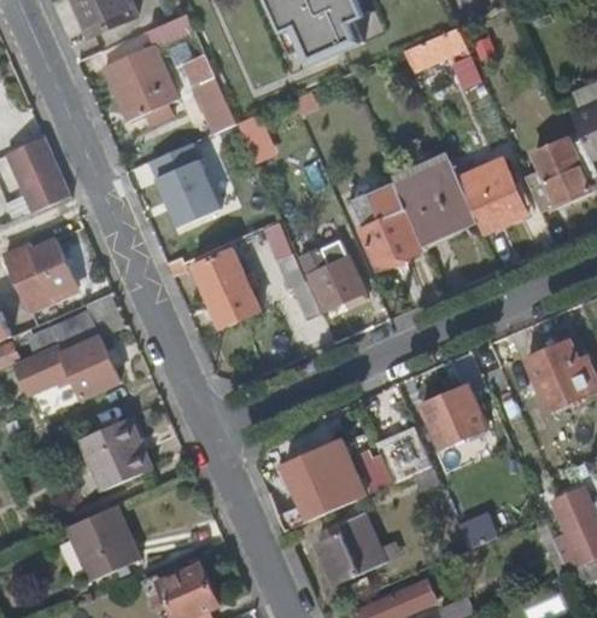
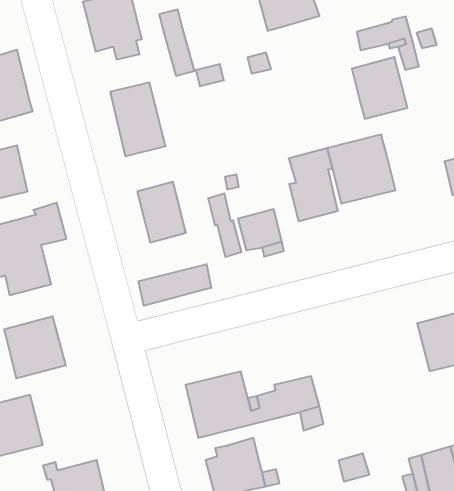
building: [461,161,528,233] -> [352,57,407,119]
building: none -> [138,264,211,306]
building: [421,384,484,444] -> none

